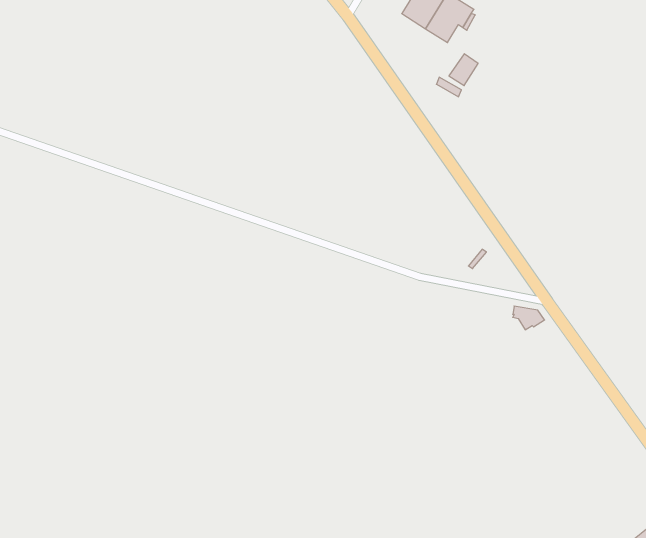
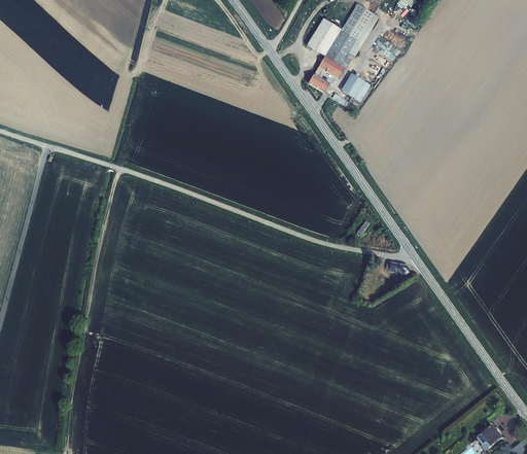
building: none -> [309,55,345,91]

